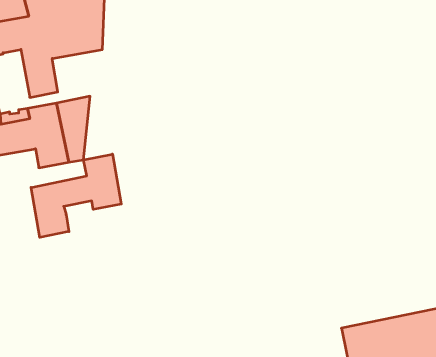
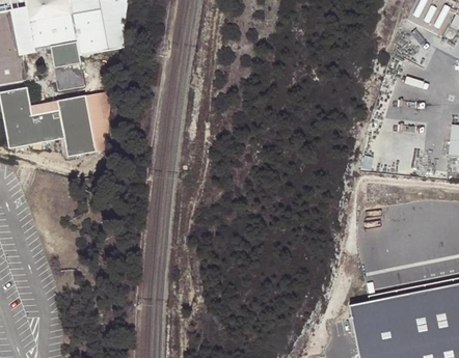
building: [31,154,121,237] -> none

